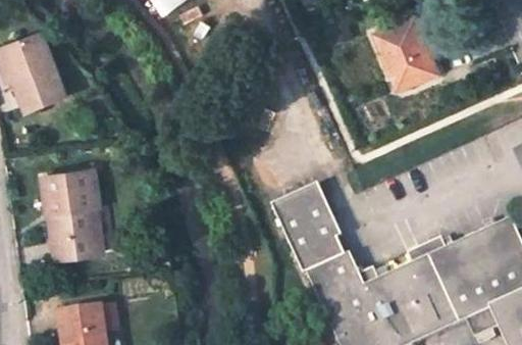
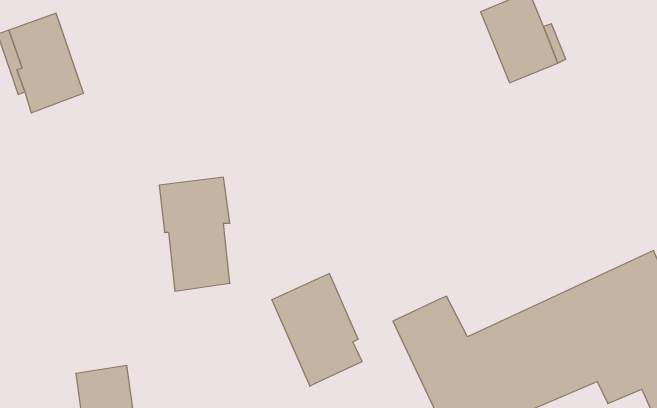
building: [41,172,96,261] -> [159,177,230,291]
building: [273,188,344,276] -> [272,274,362,386]

